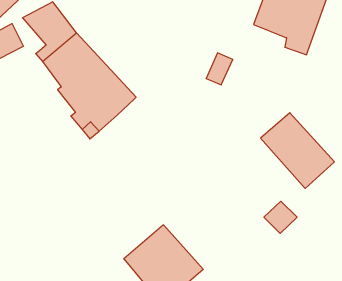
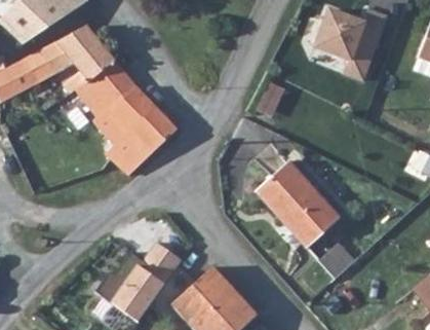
building: [261,113,334,188] -> [260,164,340,247]
building: none -> [105,241,179,321]

